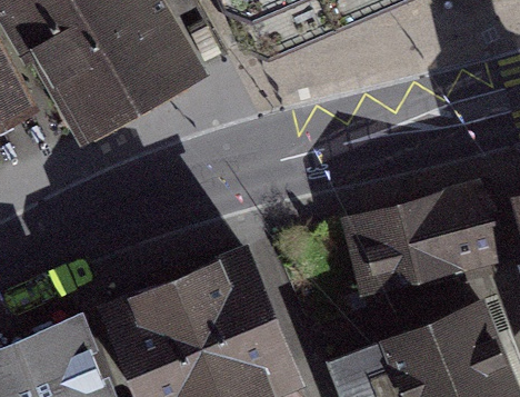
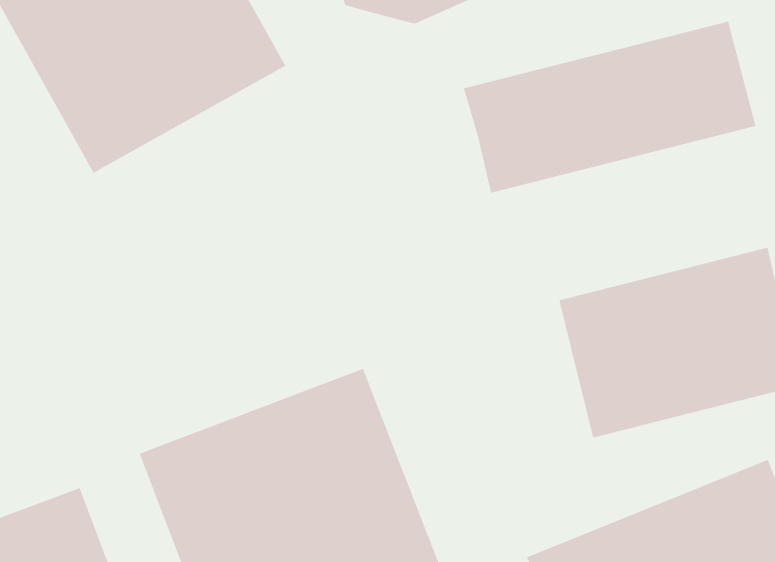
building: none -> [463,21,756,194]

